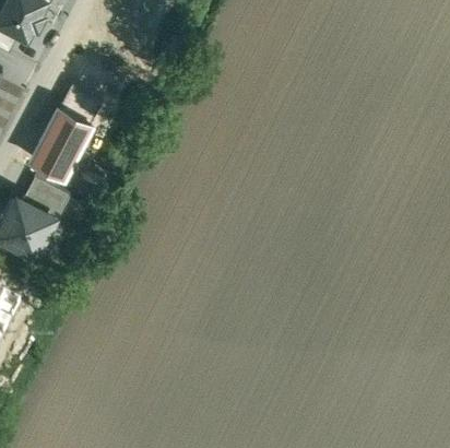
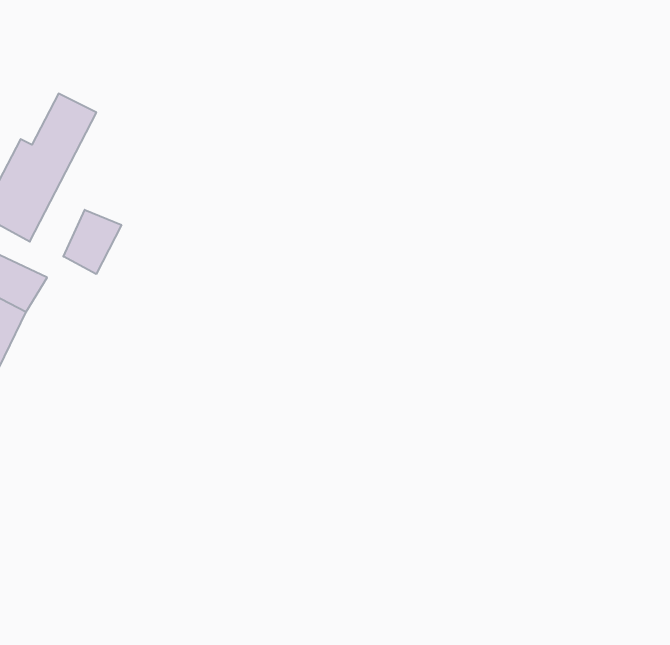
building: none -> [63,210,121,274]

